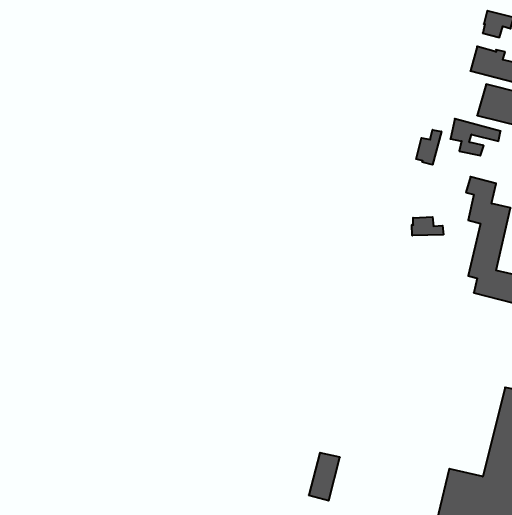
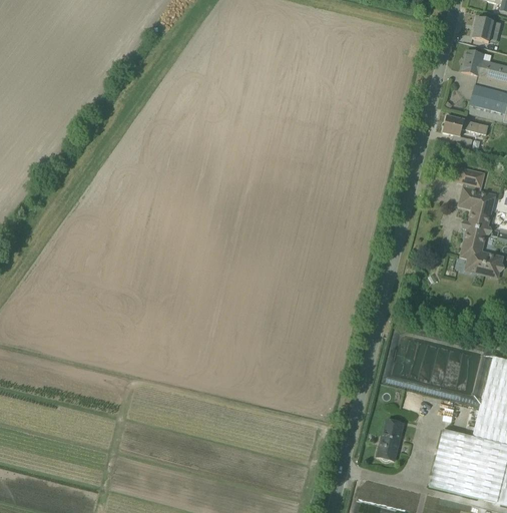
building: [416,130,441,165] -> none
building: [412,217,443,236] -> none
building: [309,453,340,501] -> [377,418,405,461]

